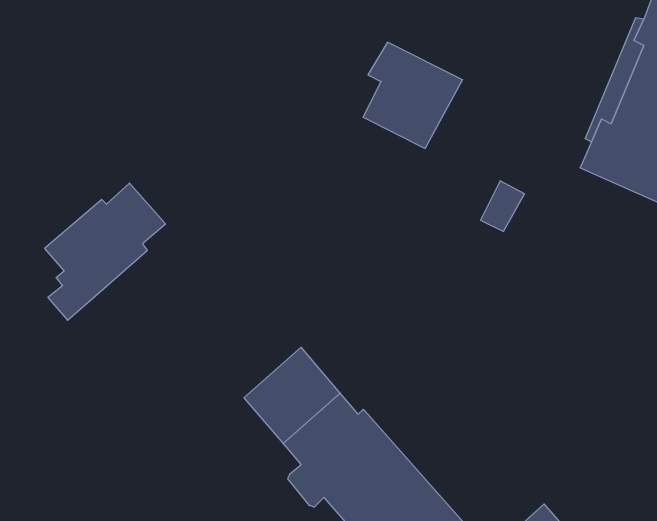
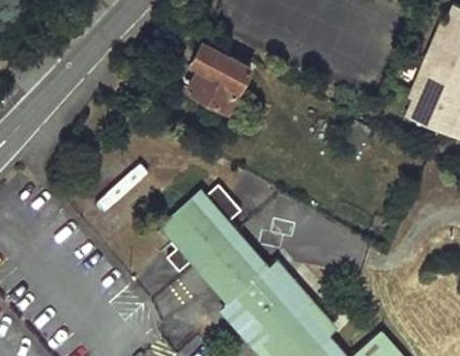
building: [363,42,463,148] -> [188,46,251,113]
building: [45,183,165,320] -> [163,188,239,275]

